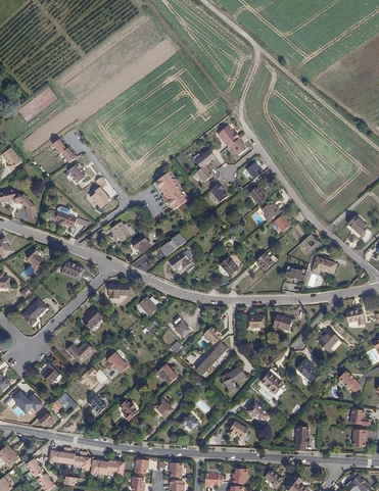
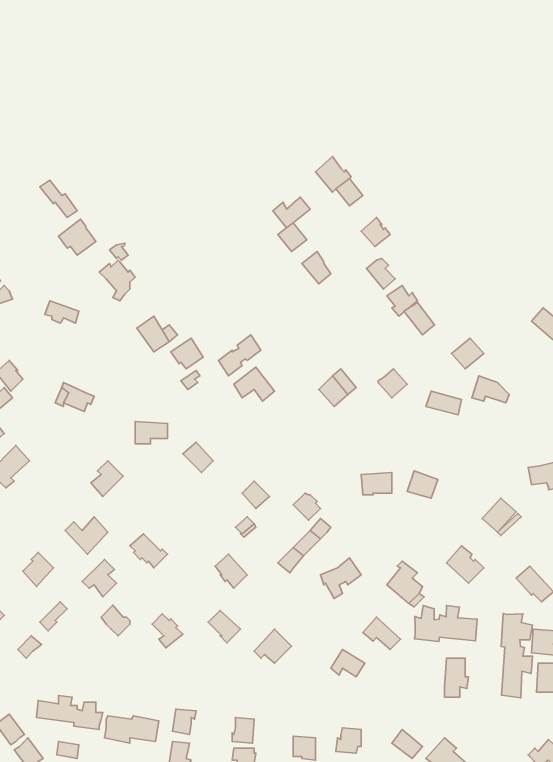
building: [156,173,188,209] -> none
building: none -> [415,606,477,641]
building: none -> [501,614,533,698]

